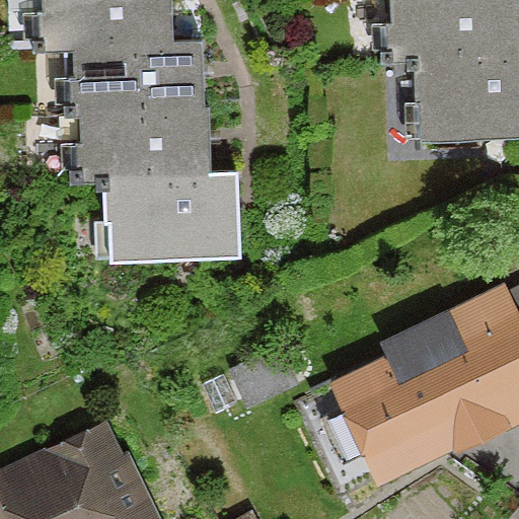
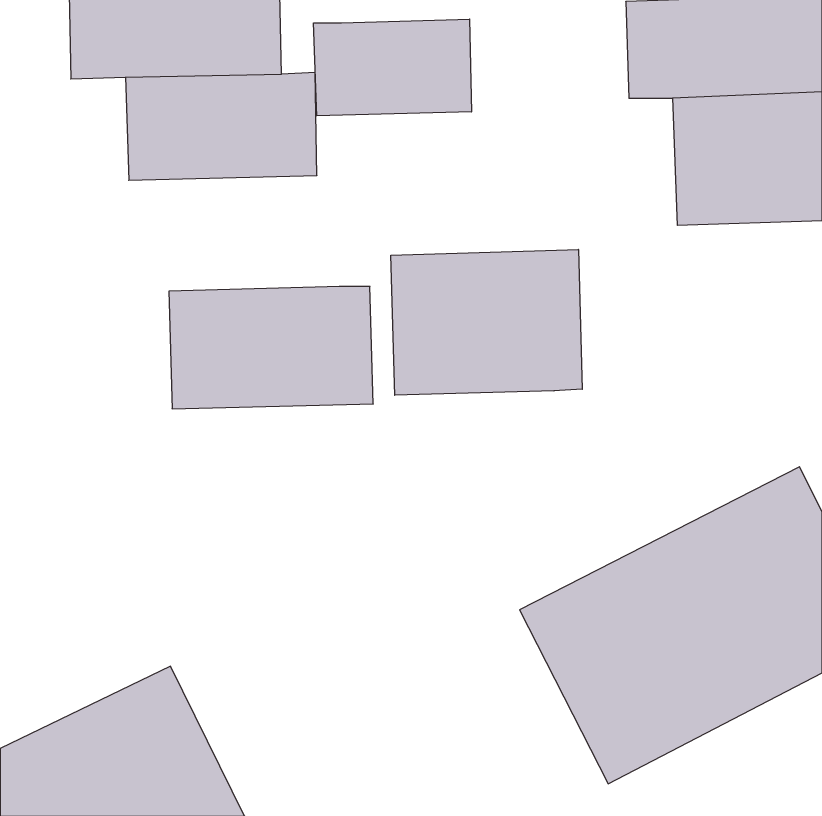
building: none -> [314,19,471,116]
building: [81,109,214,183] -> none
building: none -> [391,249,582,395]

